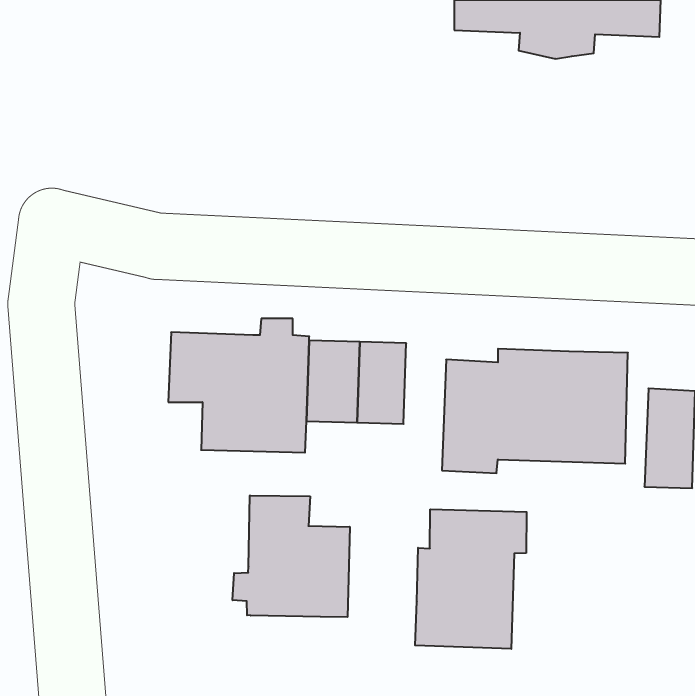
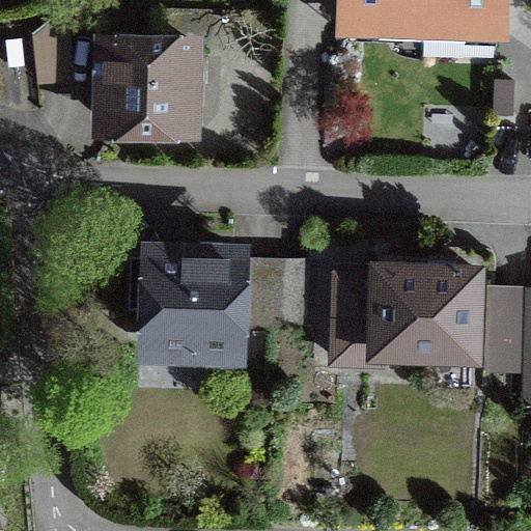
building: none -> [108,39,194,125]
building: [233,495,350,617] -> none
building: [415,509,527,649] -> none

